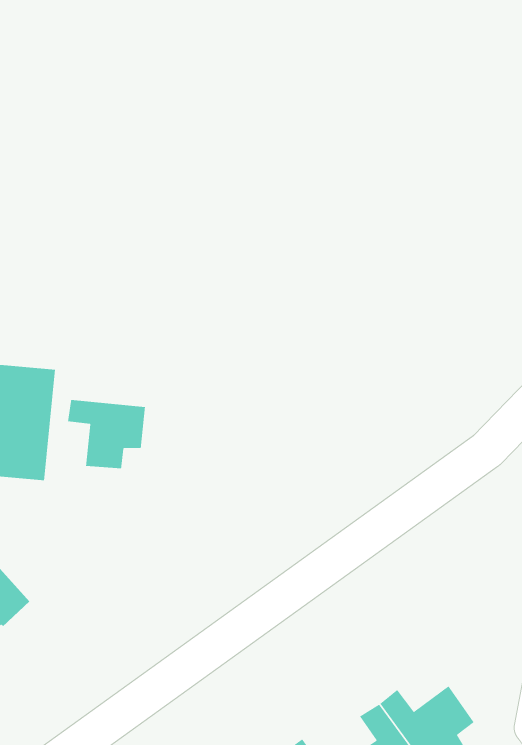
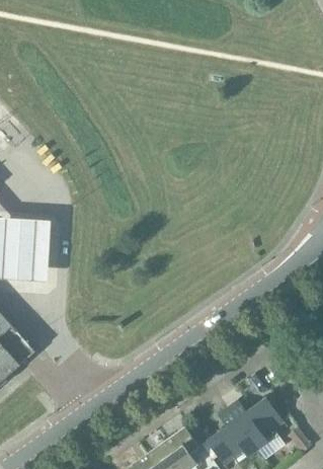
building: [68,399,145,469] -> none

